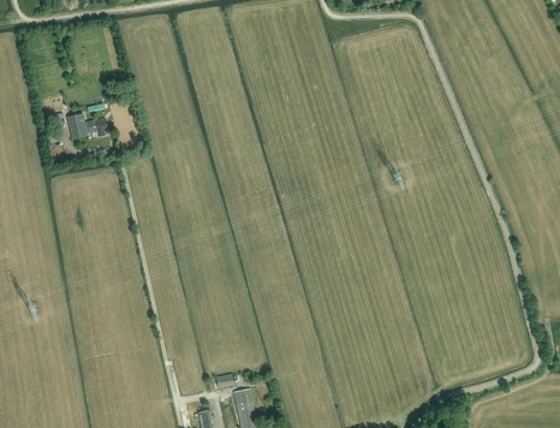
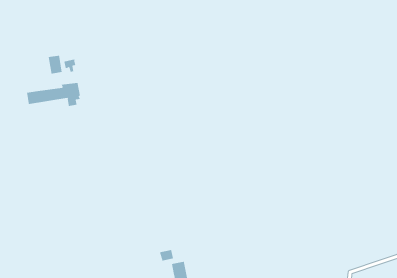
building: none -> [26,82,81,107]

